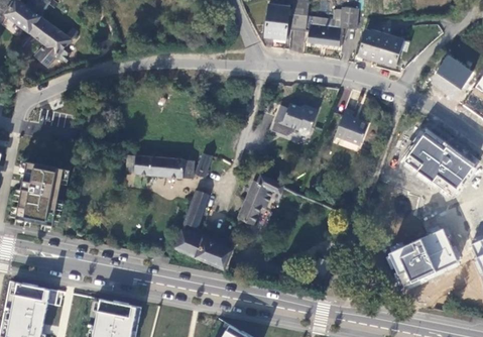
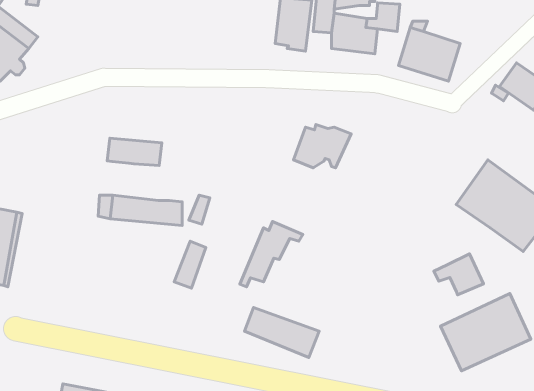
building: none -> [107,138,162,165]
building: [336,112,369,143] -> none
building: none -> [434,254,483,295]
building: [173,229,231,267] -> [244,308,319,357]

